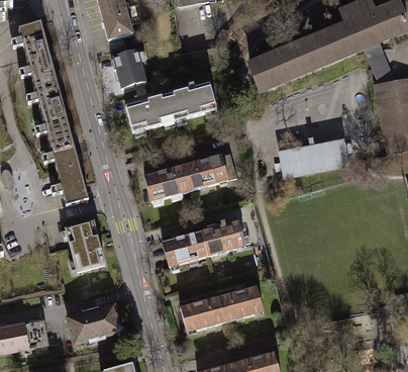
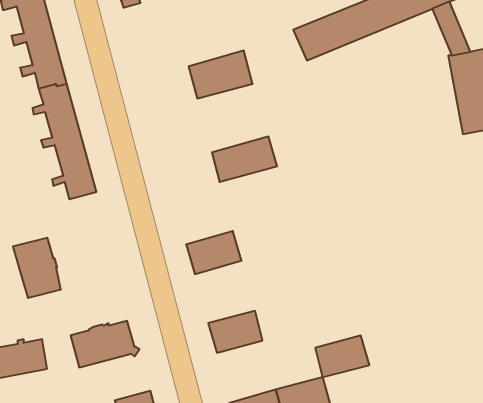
building: [112,50,145,88] -> none
building: [125,94,171,130] -> none
building: [279,141,347,175] -> none
building: [144,164,189,204] -> none
building: [200,219,249,254] -> none
building: [65,220,104,270] -> [13,238,61,298]
building: [218,285,263,319] -> [315,336,369,377]

